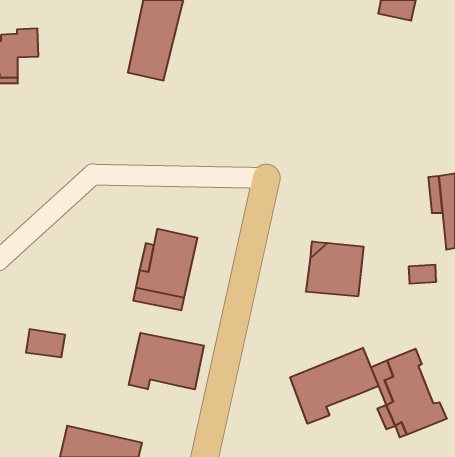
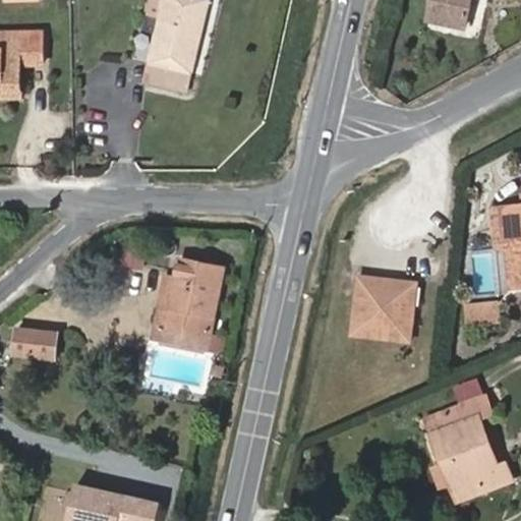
building: [26,329,65,357] -> [14,330,59,361]
building: [129,333,204,389] -> none
building: [290,348,378,424] -> none

